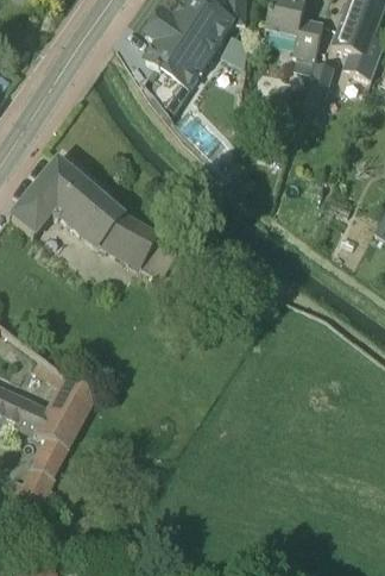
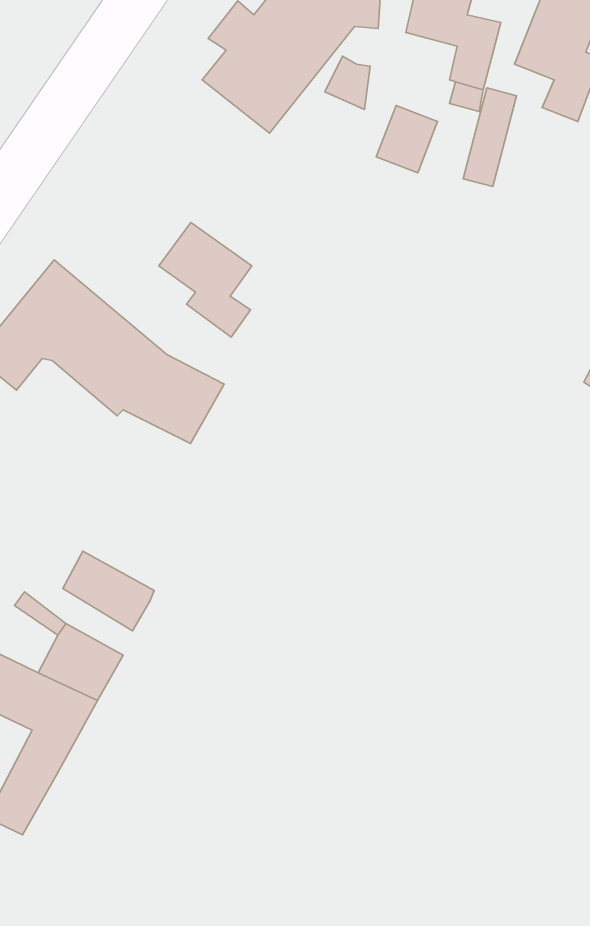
building: none -> [159,222,252,337]
building: none -> [63,551,154,631]

